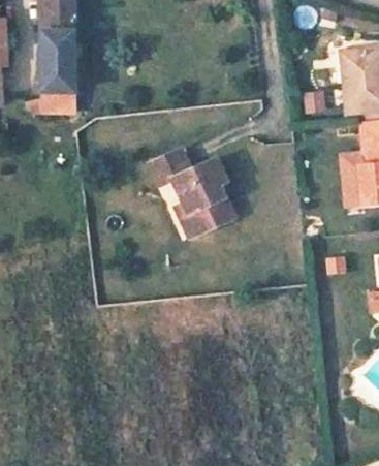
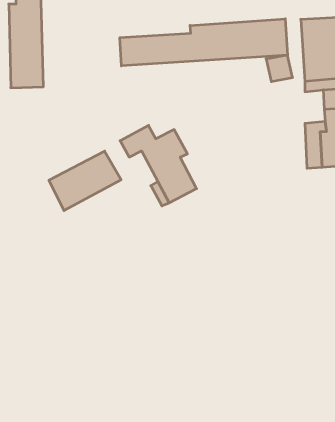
building: none -> [120,19,288,66]
building: none -> [49,151,121,211]

